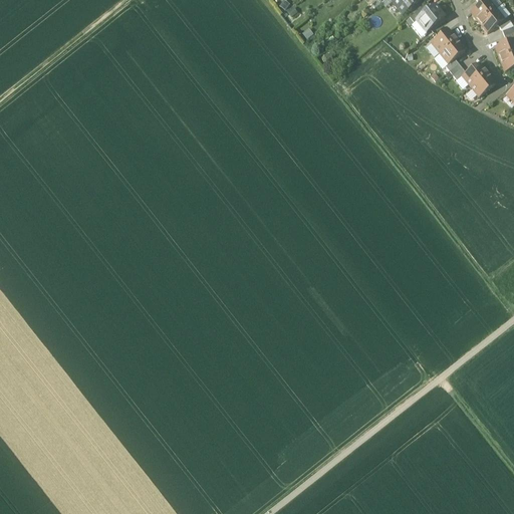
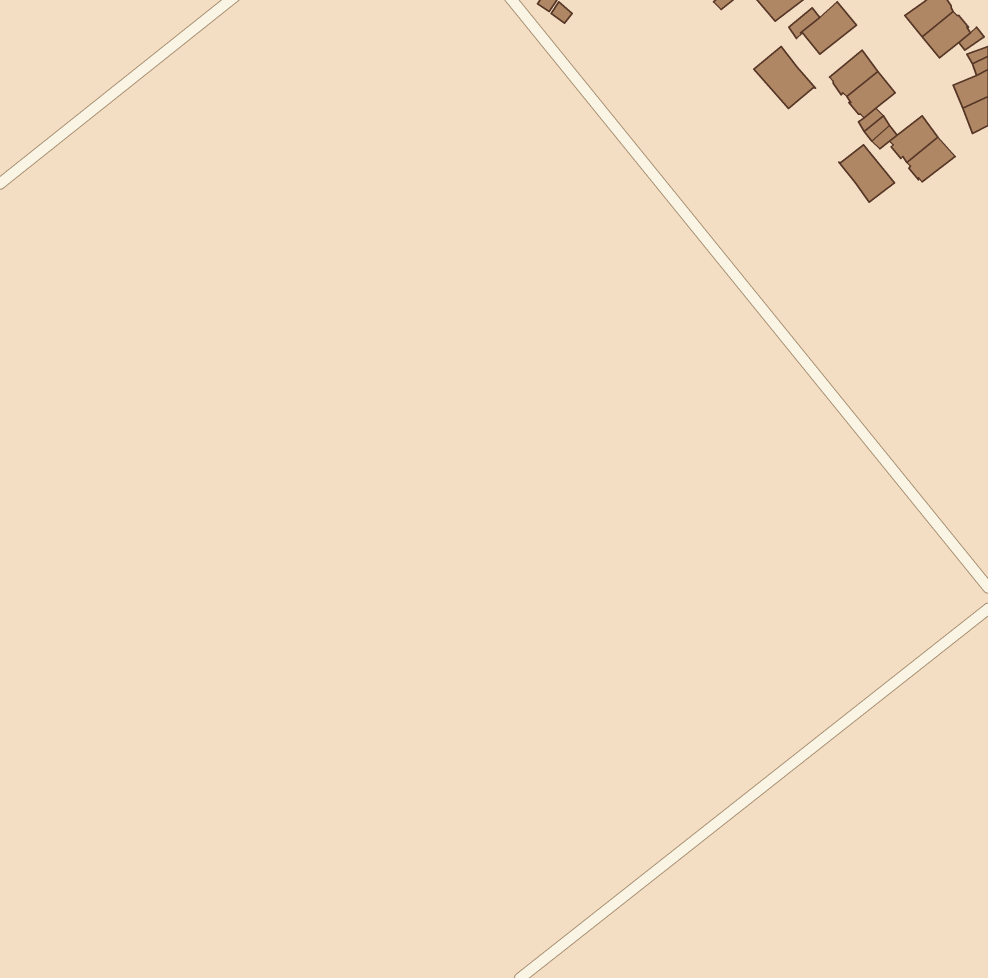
building: none -> [754,46,815,109]
building: none -> [839,145,895,202]

